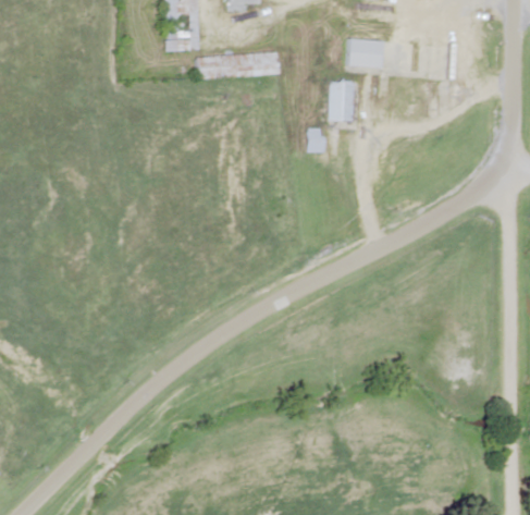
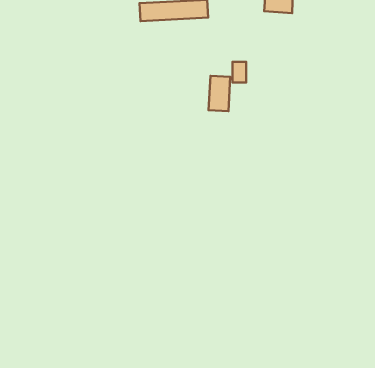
building: [329,79,355,122] -> [209,76,230,111]

